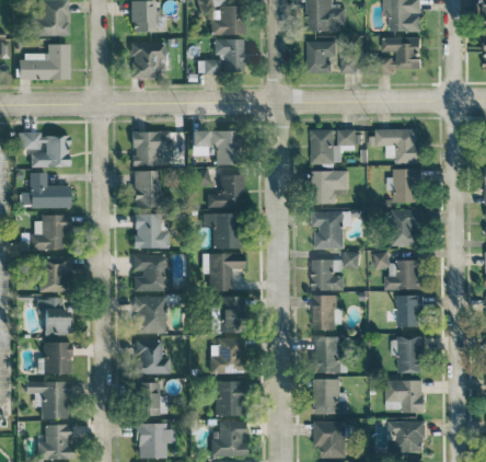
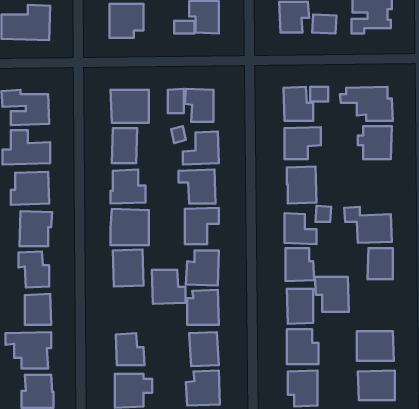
building: [392,209,424,245] -> none
building: [391,336,426,372] -> [315,277,349,312]
building: [135,339,170,374] -> [152,270,186,304]

